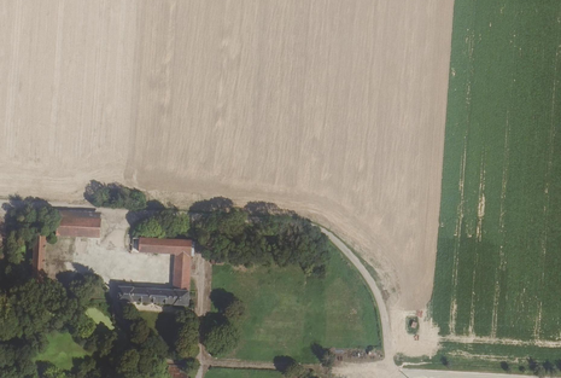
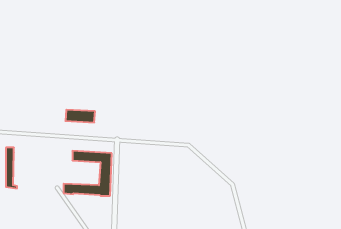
building: [55,216,100,235] -> [65,110,95,122]

